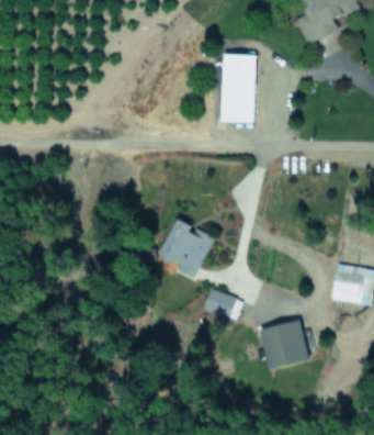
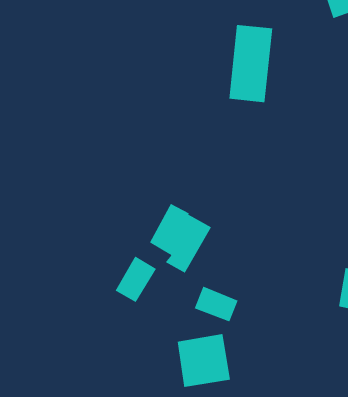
building: none -> [115,256,157,303]
building: [259,319,309,369] -> [177,334,231,387]

